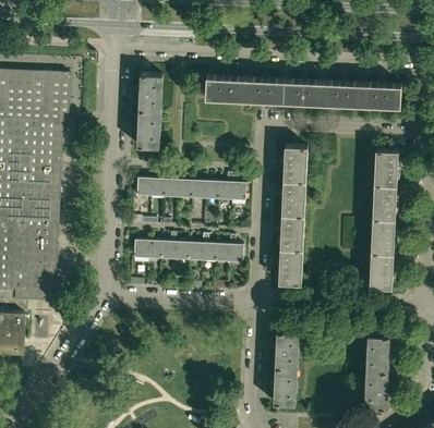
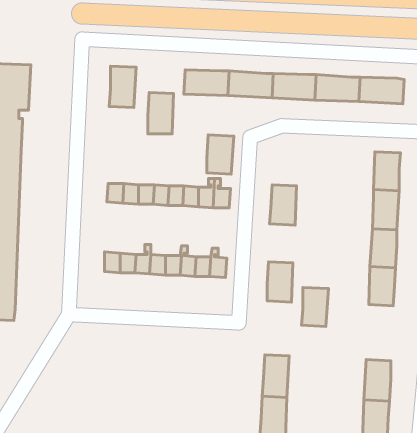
building: [137,111,160,148] -> [148,92,174,134]
building: [284,147,308,182] -> [207,135,234,174]
building: [280,216,304,250] -> [301,287,328,326]

